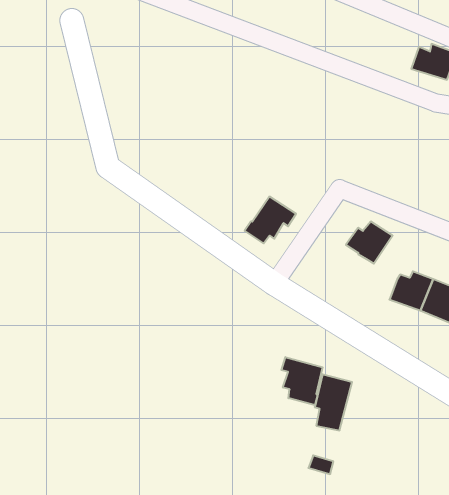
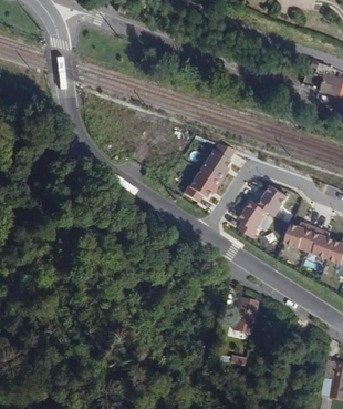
building: none -> [199,144,232,181]
building: none -> [238,200,268,238]
building: [281,357,323,405] -> none

